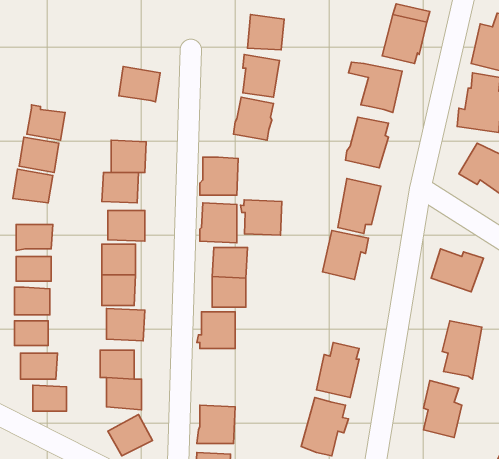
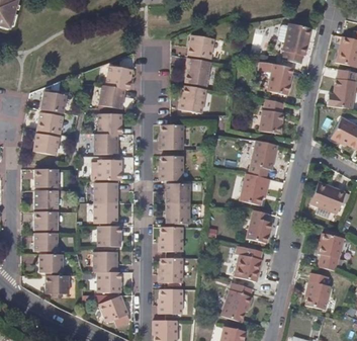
building: none -> [98,84,125,107]
building: [241,200,282,235] -> none
building: none -> [247,209,273,244]
building: none -> [156,258,181,283]

